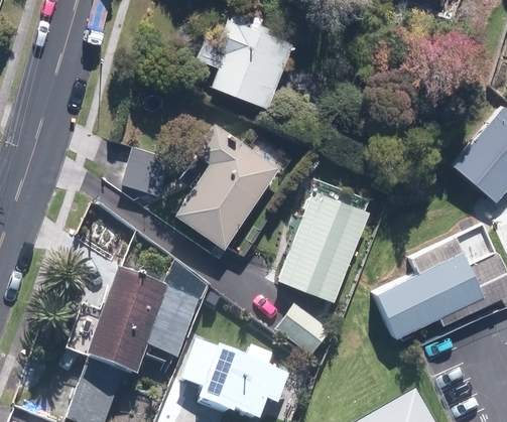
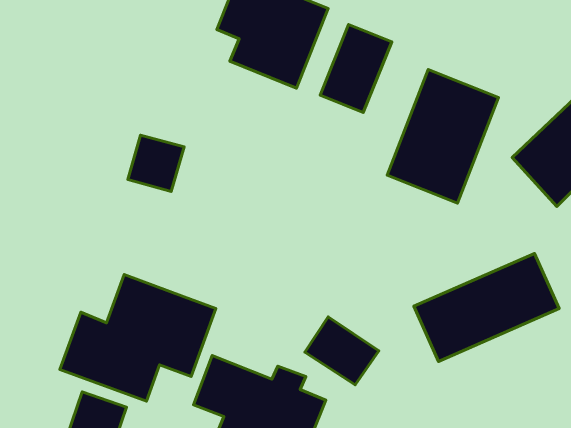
building: none -> [320,25,392,112]
building: [173,118,281,246] -> none
building: [277,187,373,302] -> [387,69,499,203]

